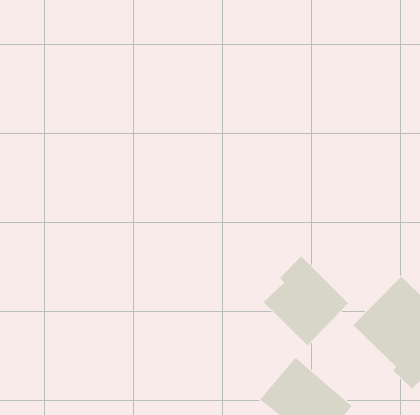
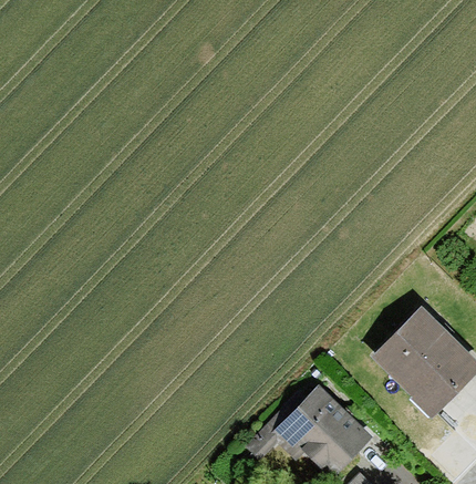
building: [263,255,349,346] -> none

